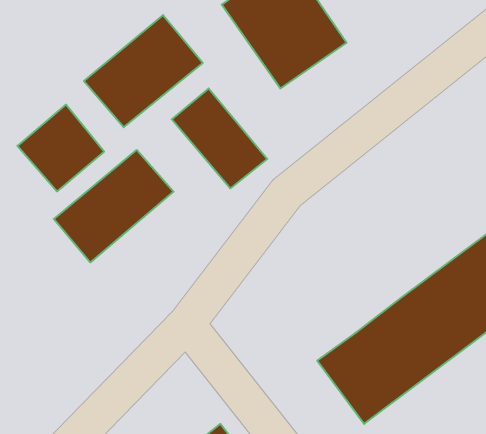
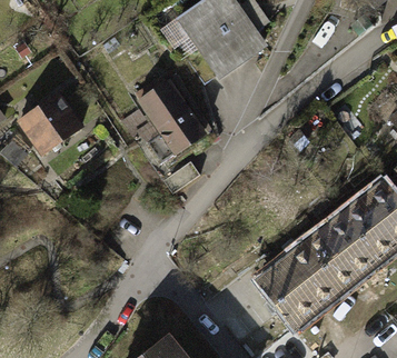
building: [84,15,203,127] -> none
building: [54,150,174,262] -> none

